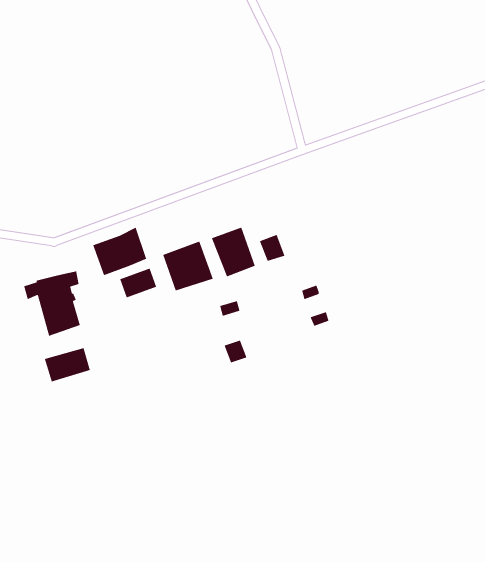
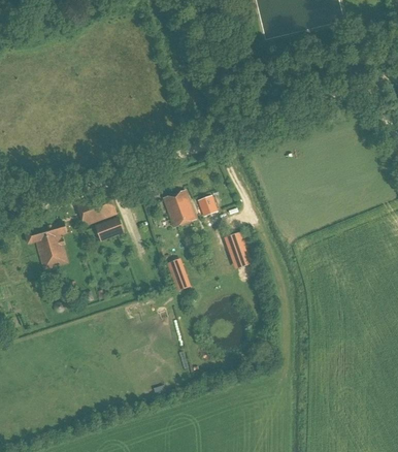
building: [162,240,214,292] -> none
building: [44,347,91,383] -> none

